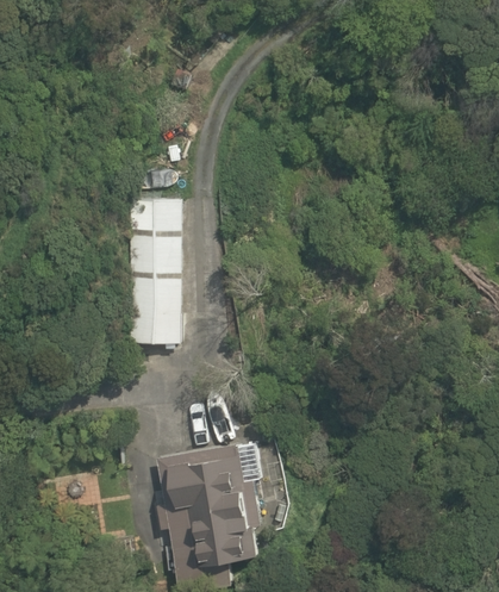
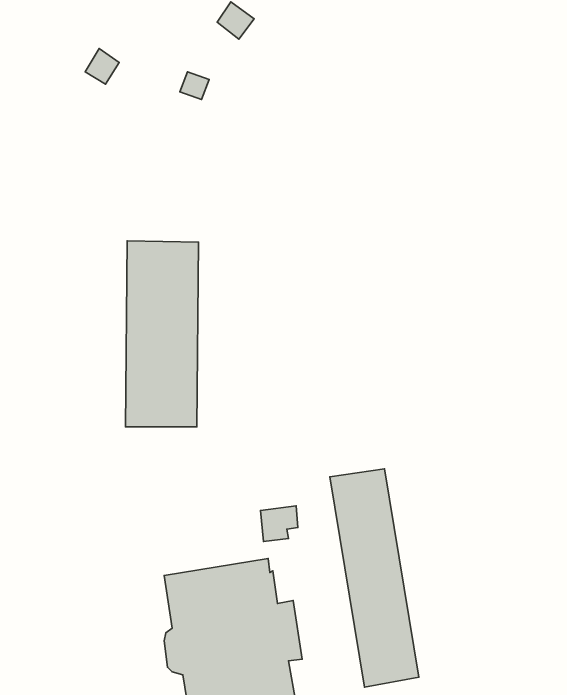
building: none -> [330,469,419,687]

